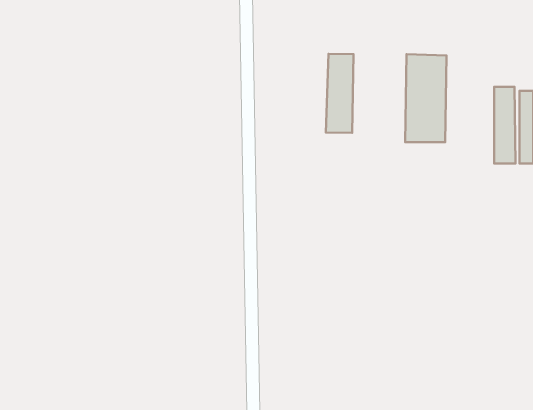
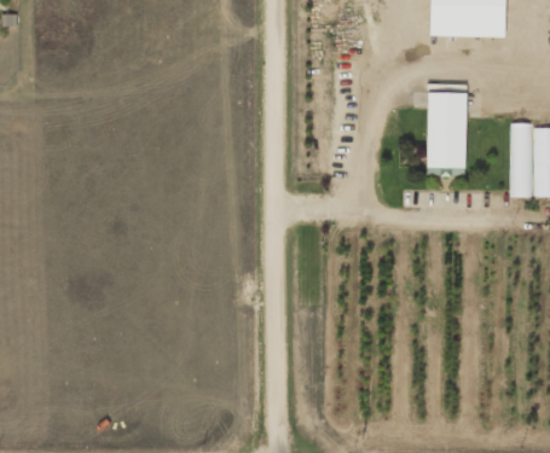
building: [326,54,353,133] -> none

